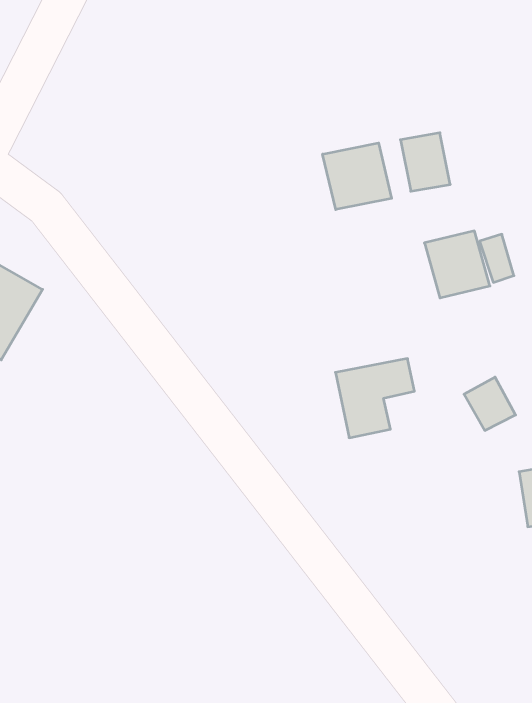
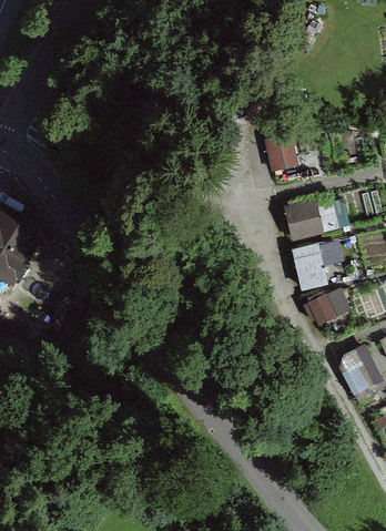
building: [323,143,392,210] -> none
building: [335,359,414,438] -> [292,241,343,292]

